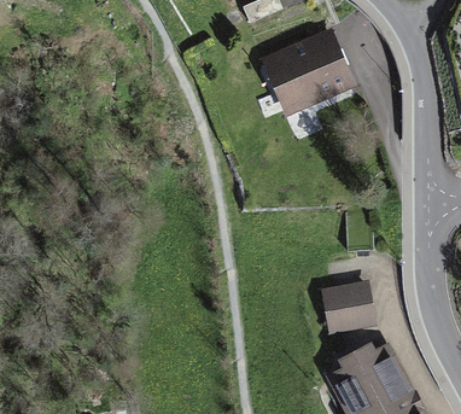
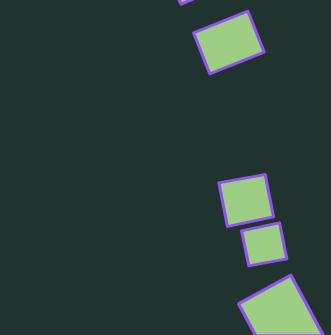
building: none -> [219,174,273,226]

